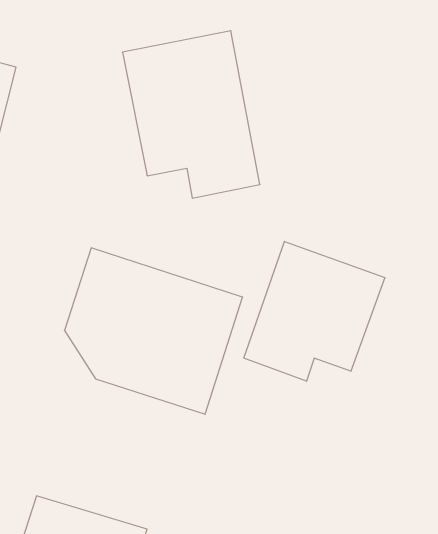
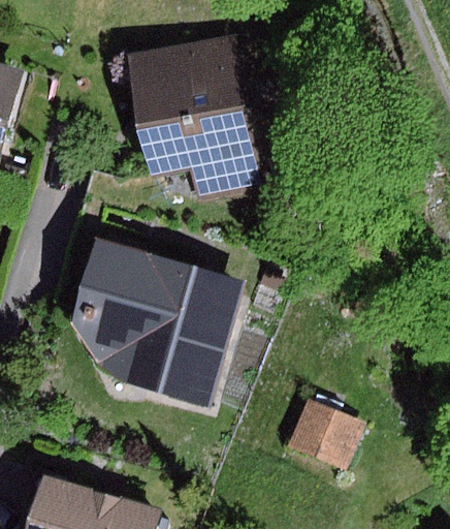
building: [244,241,385,381] -> none
building: none -> [288,399,363,470]

